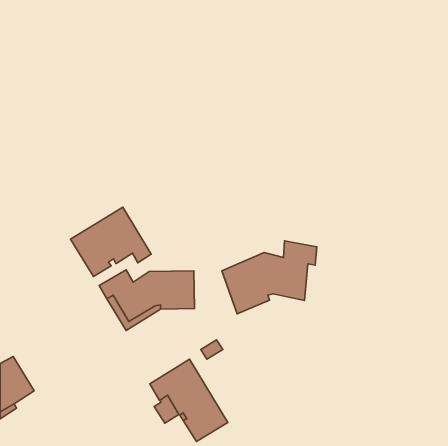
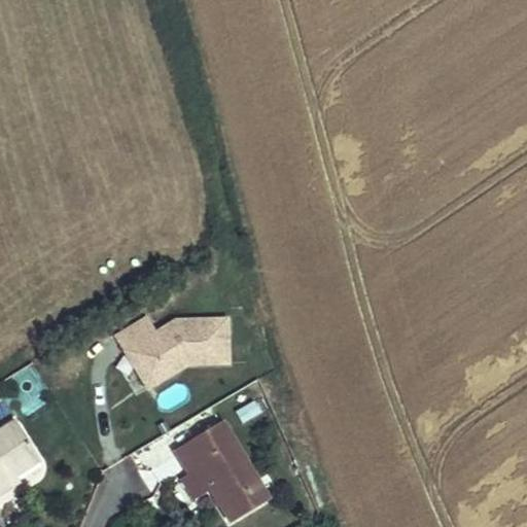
building: [71,207,151,276] -> none
building: [222,241,317,314] -> none

